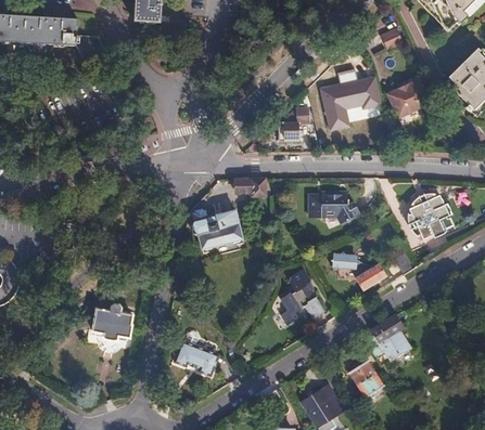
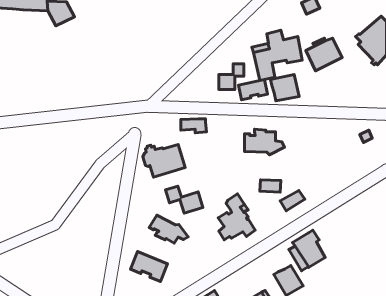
building: none -> [270,74,299,101]
building: none -> [239,80,267,100]
building: [409,192,450,240] -> none
building: none -> [165,186,203,213]
building: none -> [149,215,188,243]
building: [90,308,137,344] -> none

